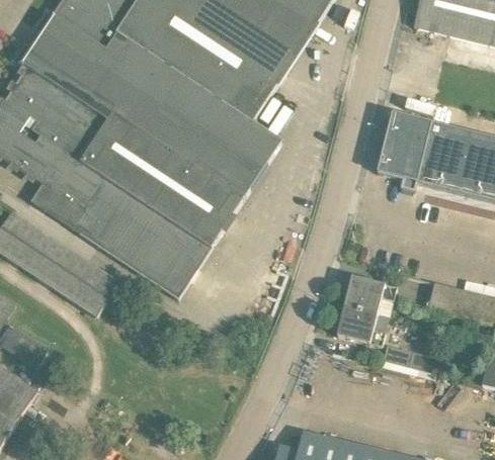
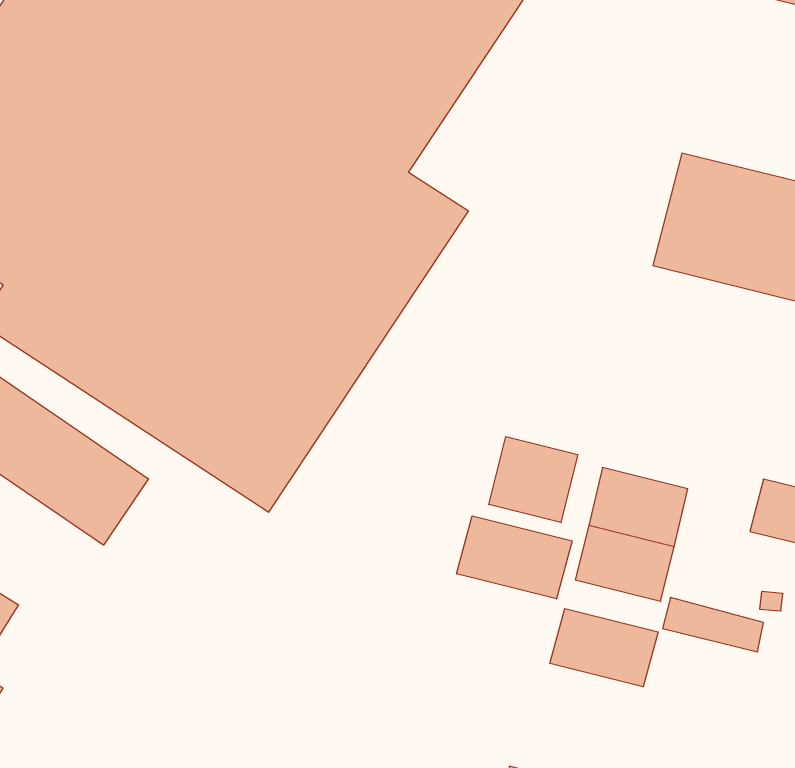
building: none -> [489,437,578,523]
building: none -> [457,516,572,599]
building: none -> [550,609,658,687]

